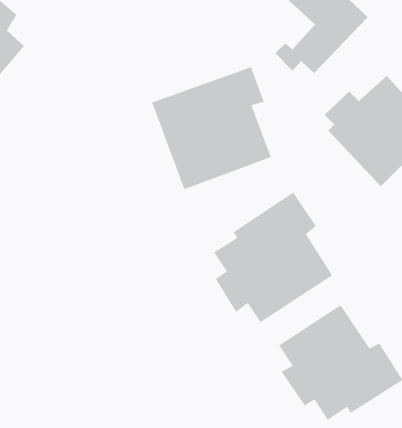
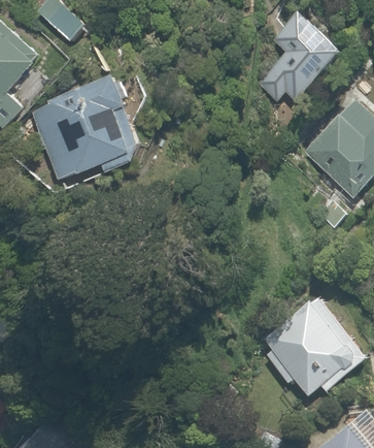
building: [151,66,272,190] -> [31,75,134,182]
building: [213,191,333,323] -> none

